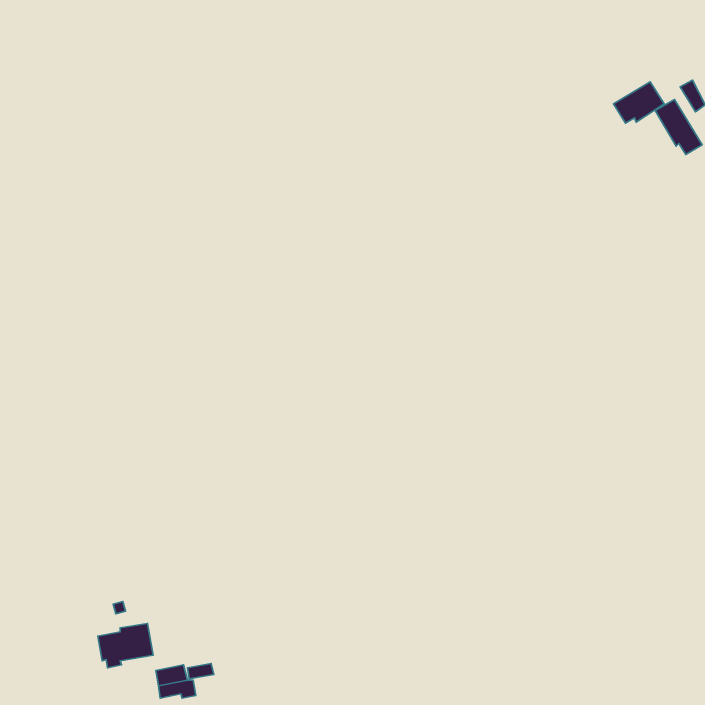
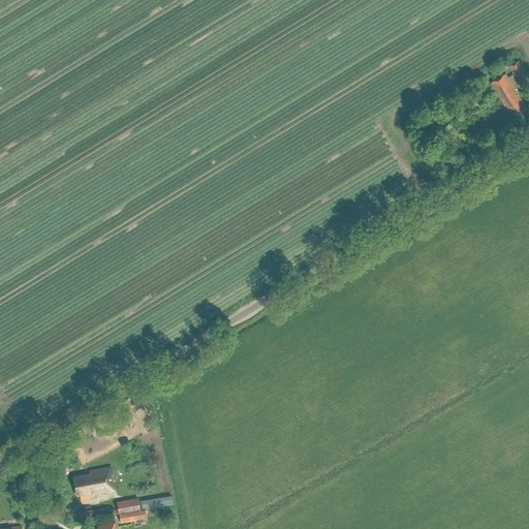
building: [613,82,664,123] -> none

